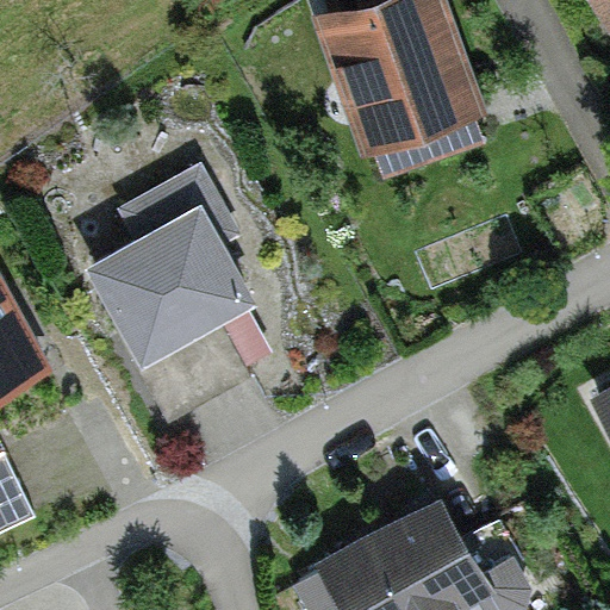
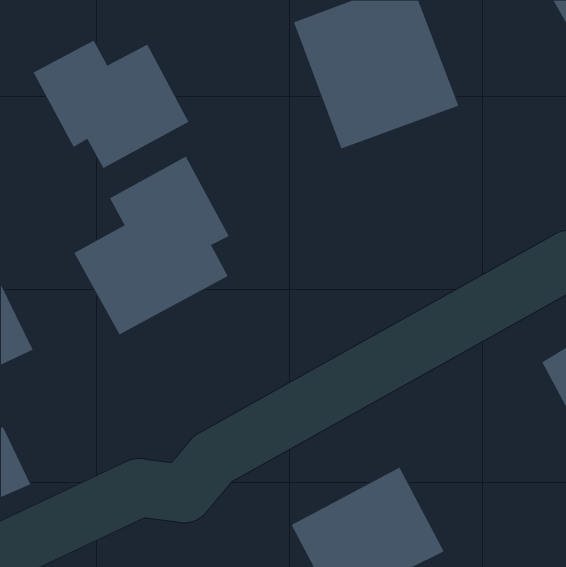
building: none -> [33,40,189,169]

